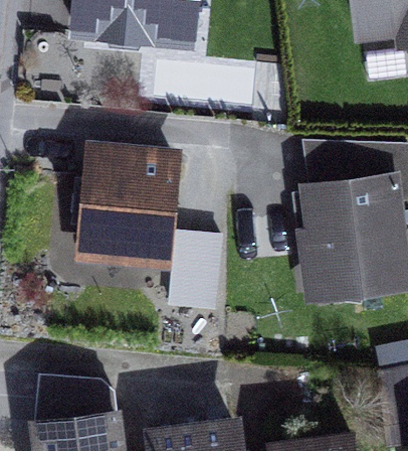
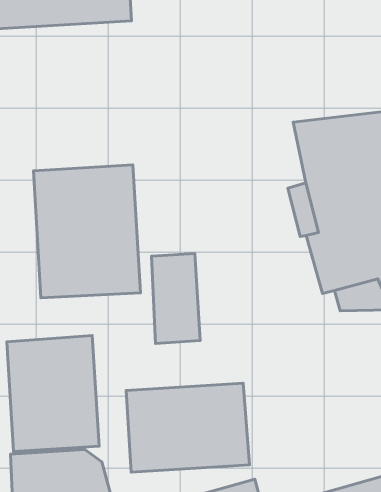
building: none -> [7,335,99,452]
building: none -> [126,383,250,472]

